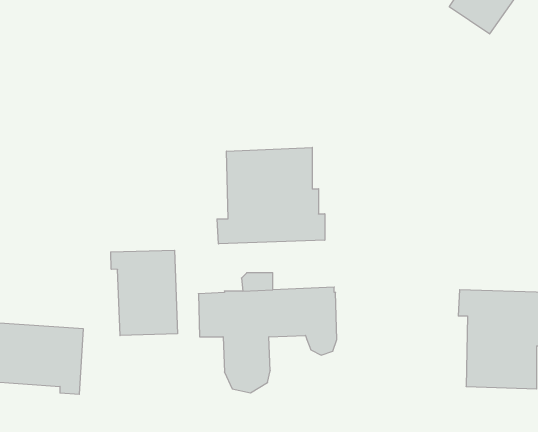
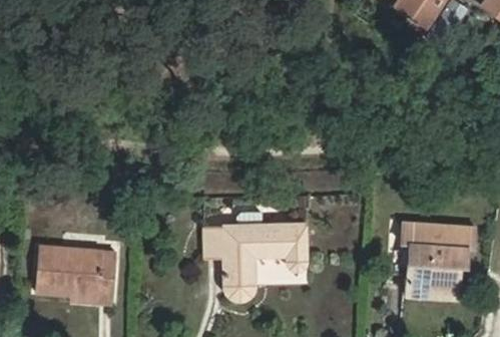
building: [217,147,325,244] -> none
building: [111,250,177,336] -> none

